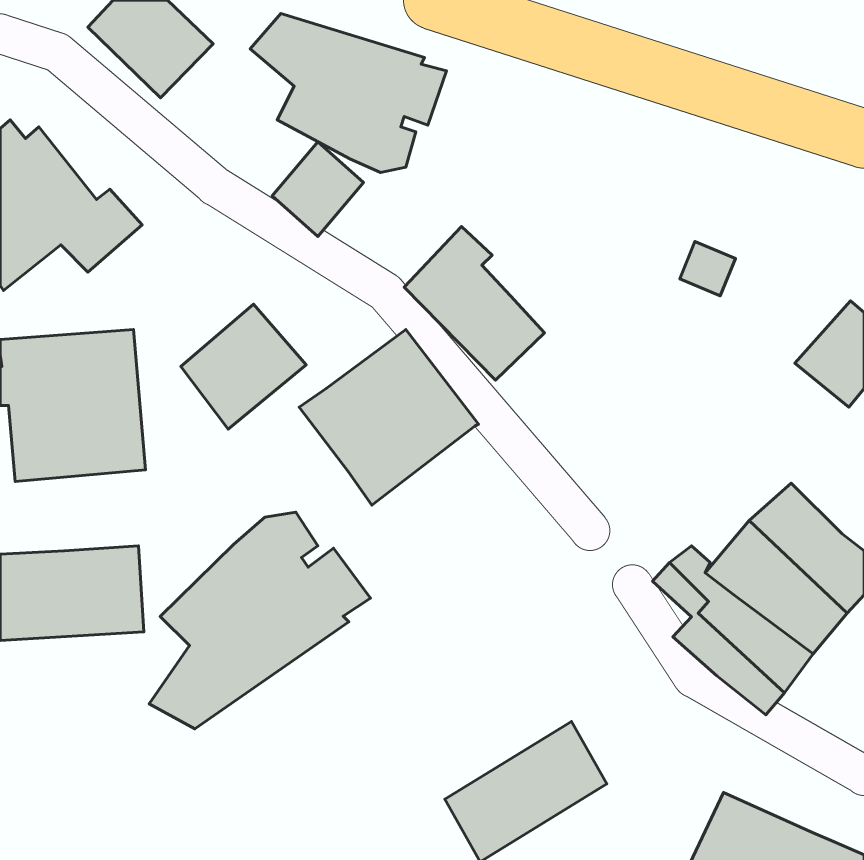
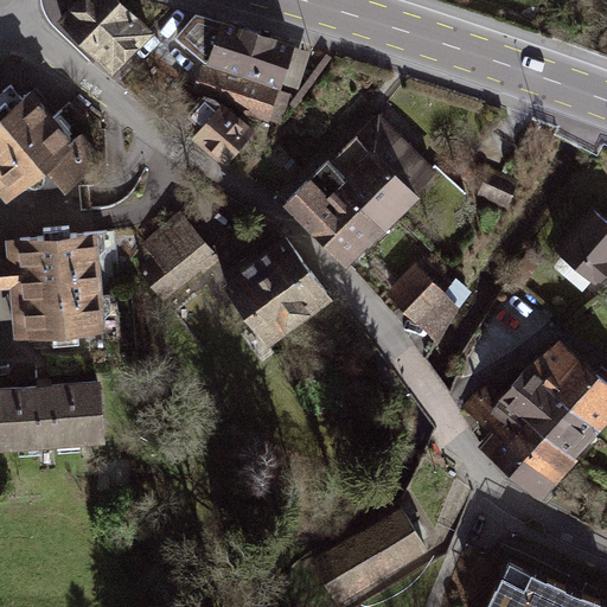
building: none -> [324,115,435,236]
building: none -> [385,266,467,344]
building: [149,512,370,729] -> none

